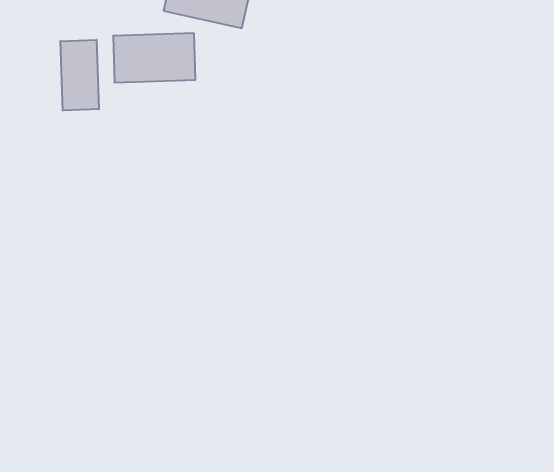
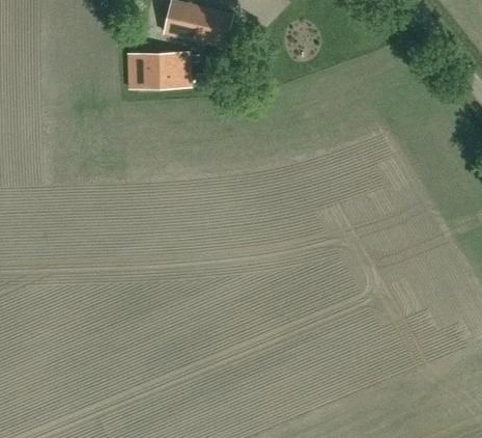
building: [60,40,99,111] -> none

